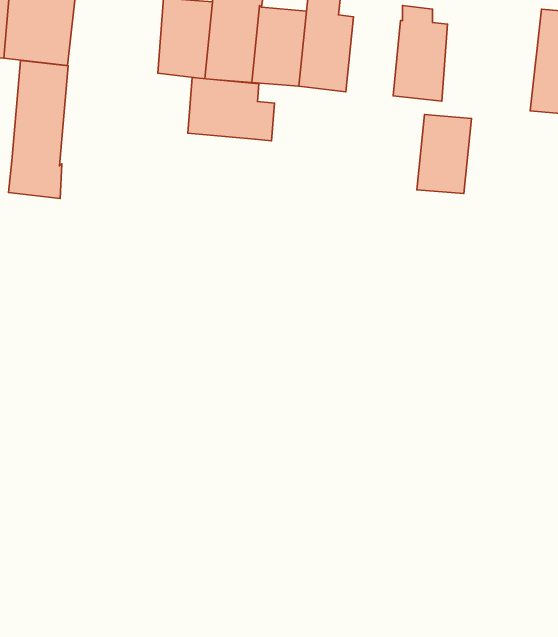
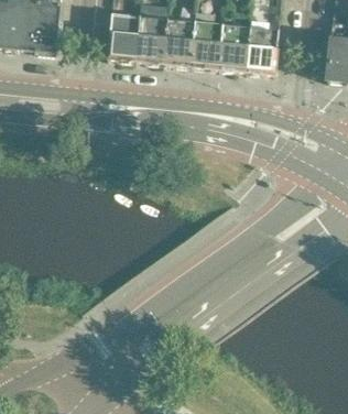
building: [8,61,68,198] -> none
building: [188,78,274,141] -> none
building: [417,115,471,194] -> [218,25,250,72]

